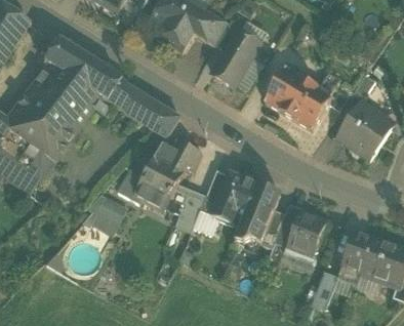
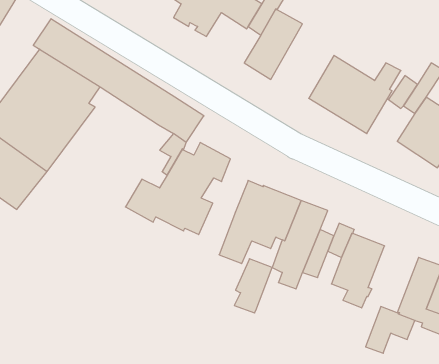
building: [175,187,206,231] -> [234,259,272,313]
building: [91,196,126,233] -> none

